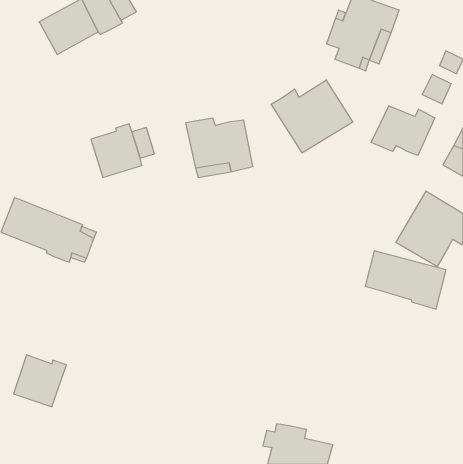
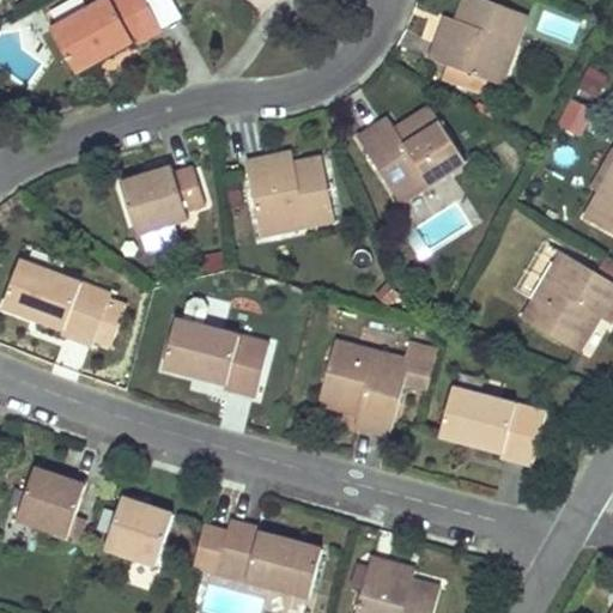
building: [371,106,435,155] -> none
building: none -> [162,321,269,395]
building: [365,251,446,309] -> [438,388,545,465]
building: none -> [316,340,436,435]
building: none -> [104,492,172,564]
building: none -> [192,520,321,596]

